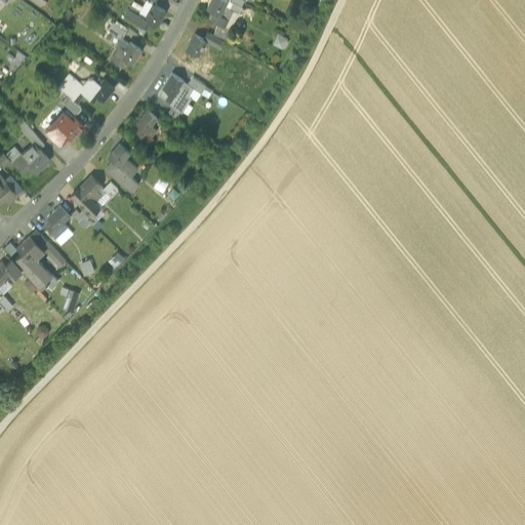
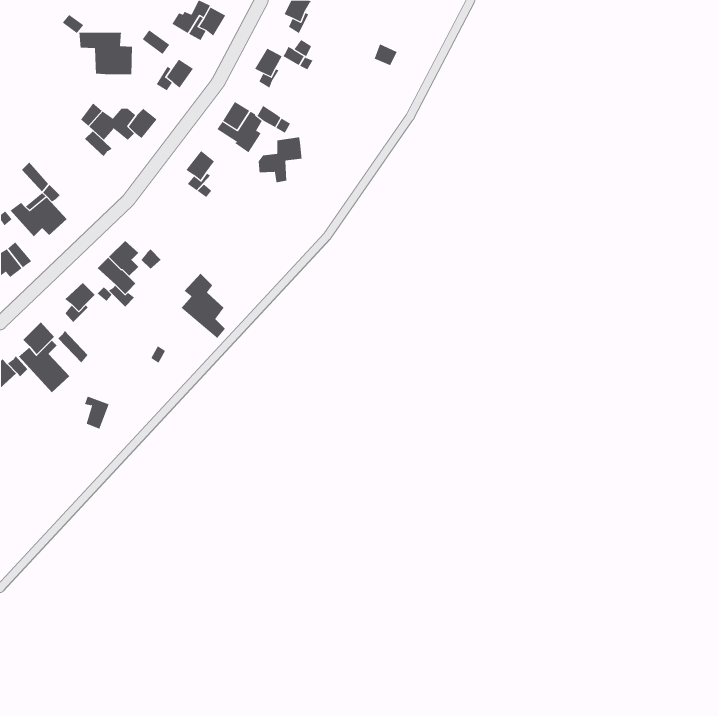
building: none -> [79,32,132,75]
building: none -> [258,137,302,183]
building: [45,113,83,145] -> none
building: [106,145,138,193] -> [181,273,226,339]

